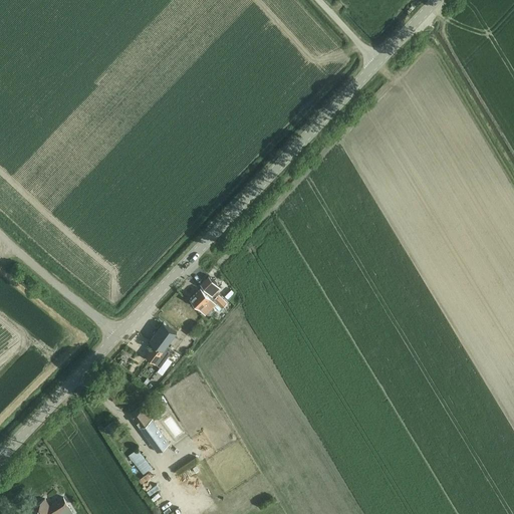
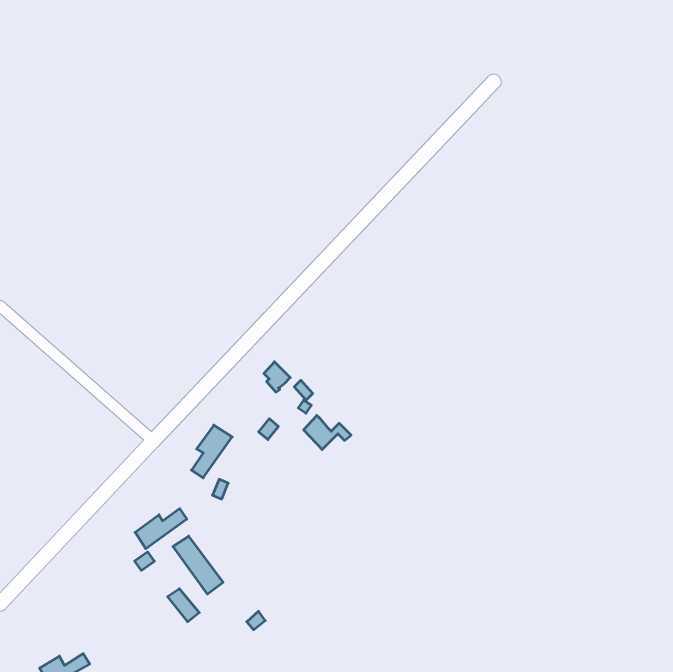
building: [192,290,228,316] -> [304,415,351,450]
building: none -> [135,509,187,549]

